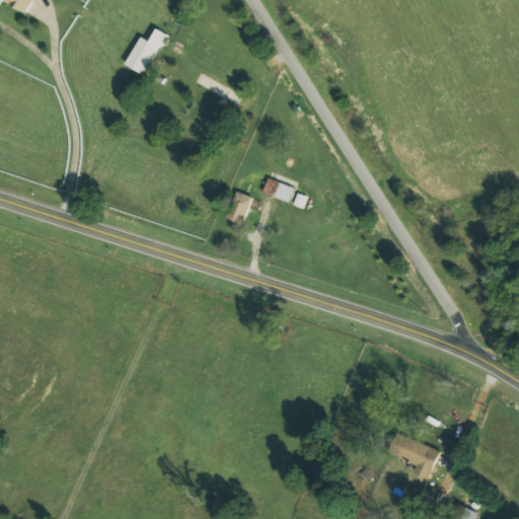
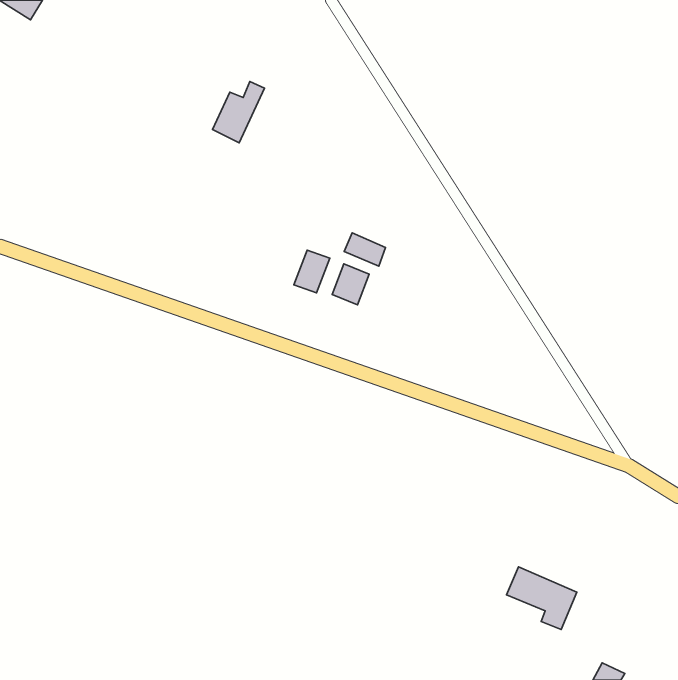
building: [125,28,164,75] -> [213,82,264,143]
building: none -> [332,264,369,305]

